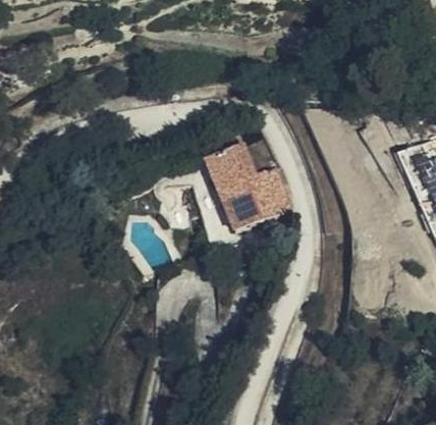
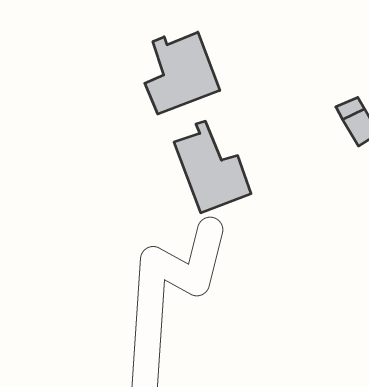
building: none -> [145,32,220,114]

